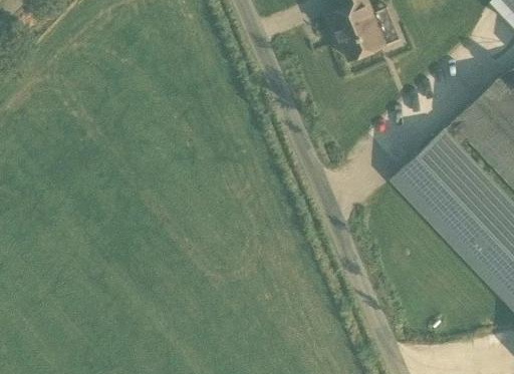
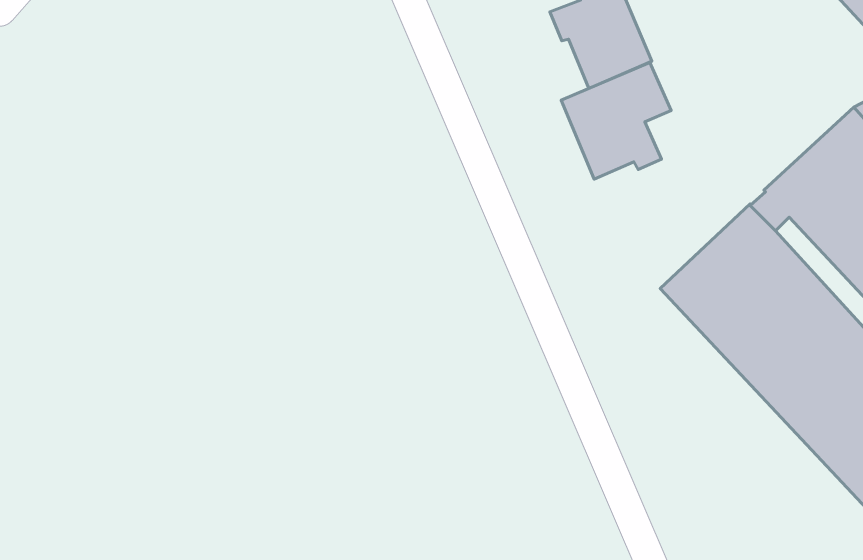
building: none -> [561,63,671,179]

